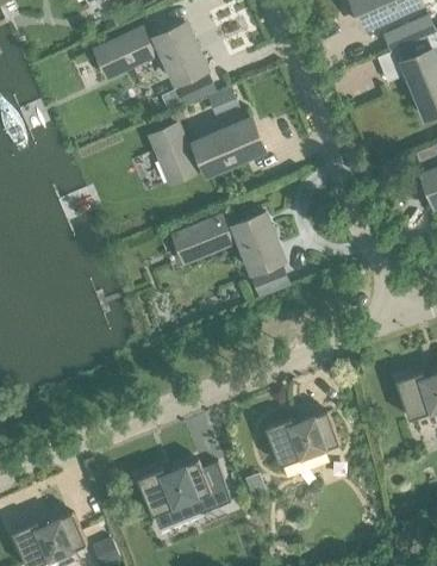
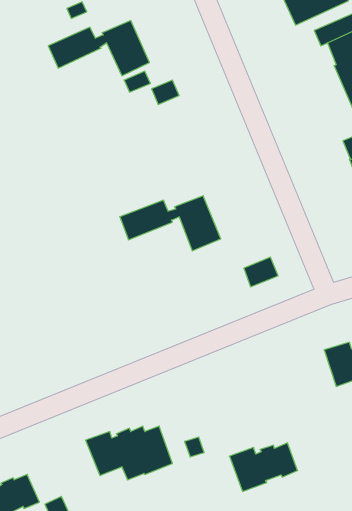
building: [152,119,264,182] -> none
building: [252,265,289,297] -> [244,257,278,287]
building: [266,413,339,466] -> [229,443,298,491]

